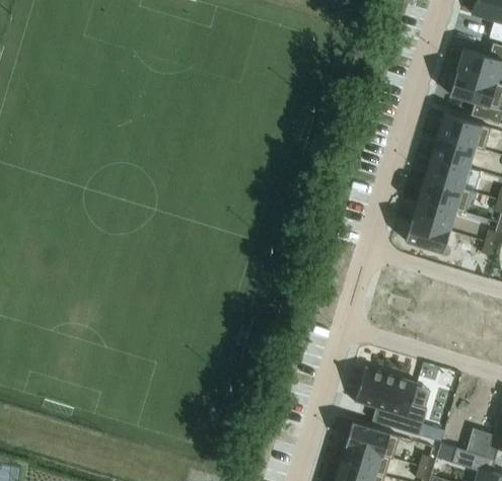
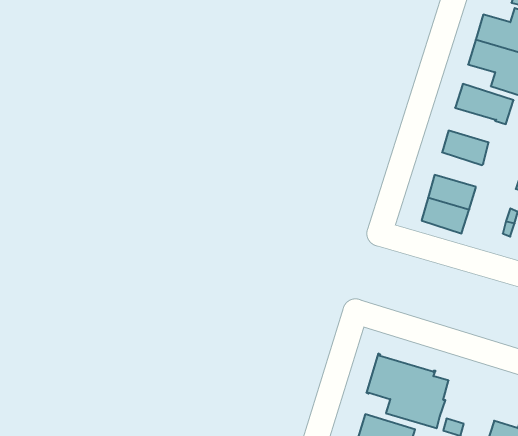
building: [432,135,477,167] -> none
building: [419,176,474,213] -> none

